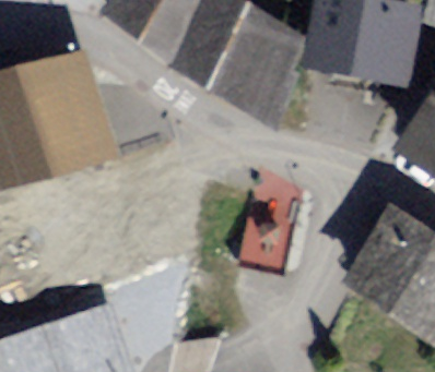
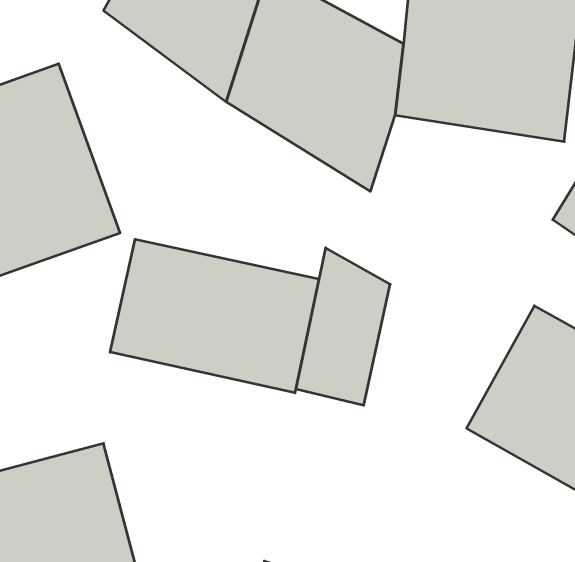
building: none -> [110,239,319,393]

